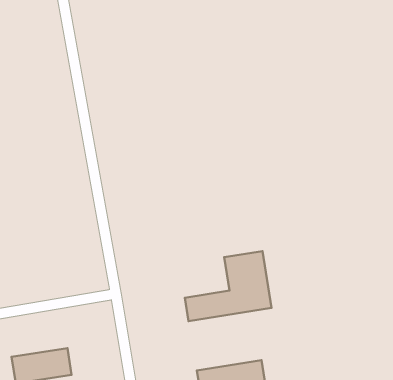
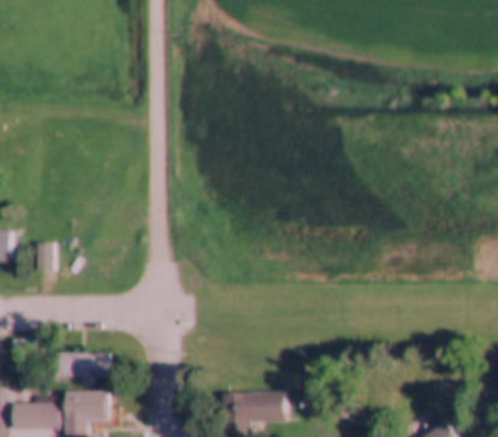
building: [185,251,272,321] -> none

